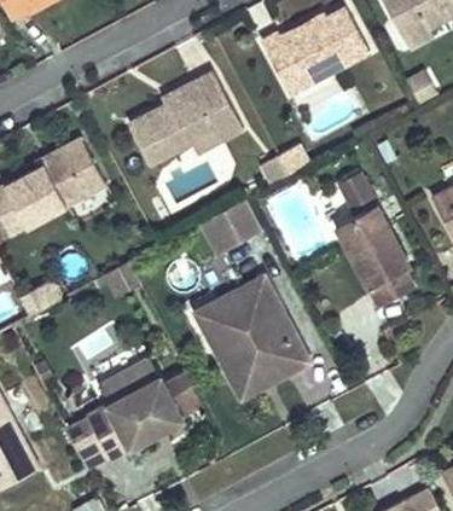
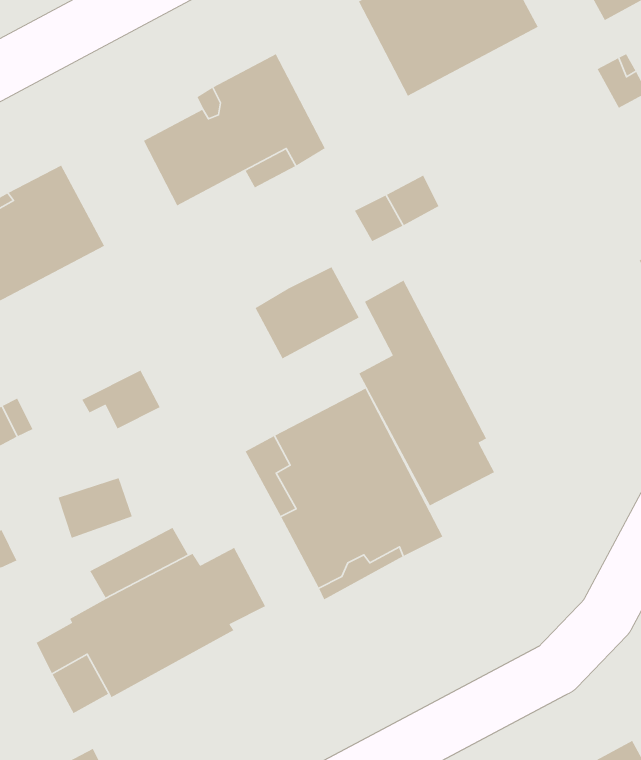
building: [332,170,416,308] -> [358,279,495,506]

